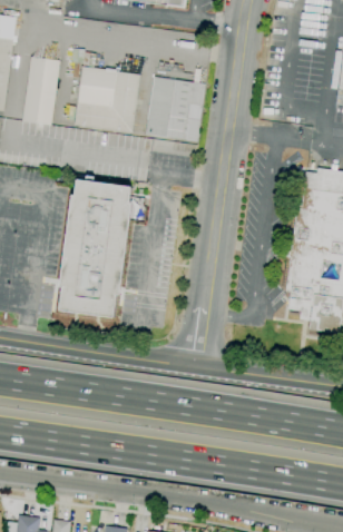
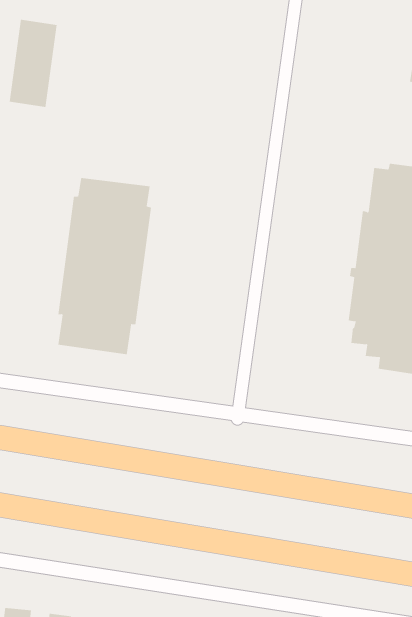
building: [74,67,139,134] -> none
building: [145,68,206,142] -> none

